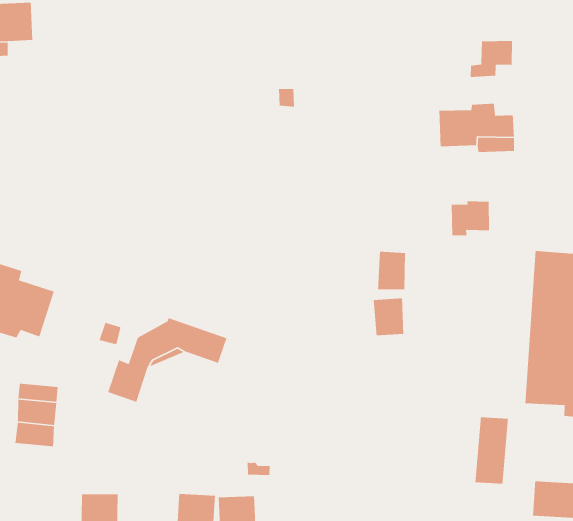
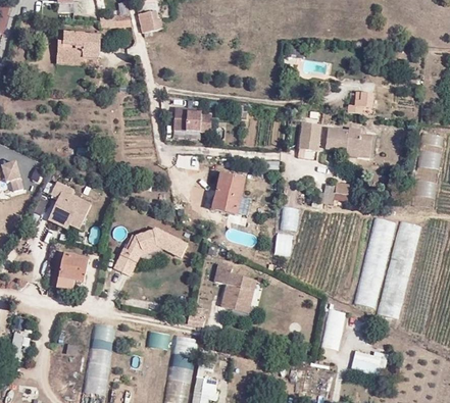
building: none -> [299,121,321,150]
building: none -> [172,107,210,132]
building: none -> [212,173,245,213]
building: none -> [213,262,256,312]

